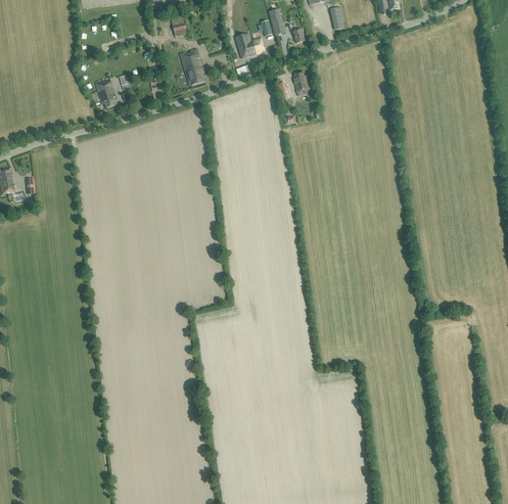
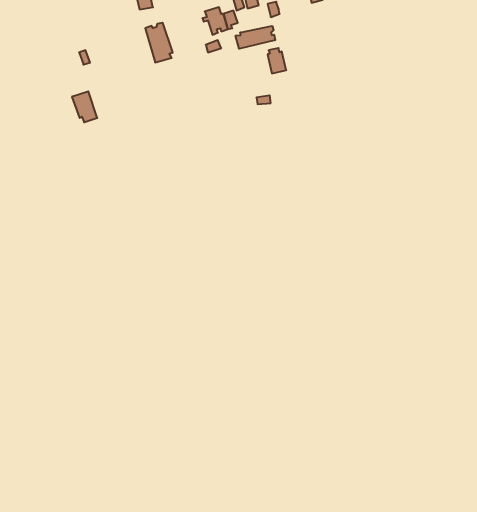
building: none -> [236,26,275,49]
building: [95,79,119,107] -> [72,91,97,122]

